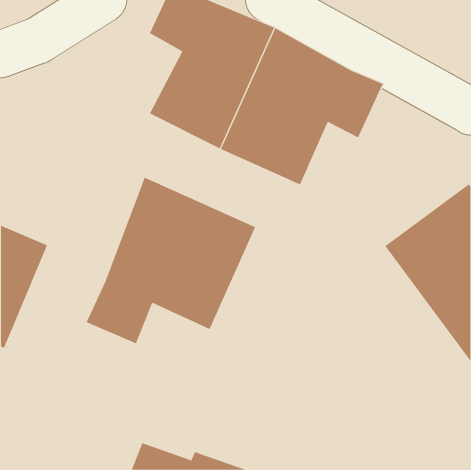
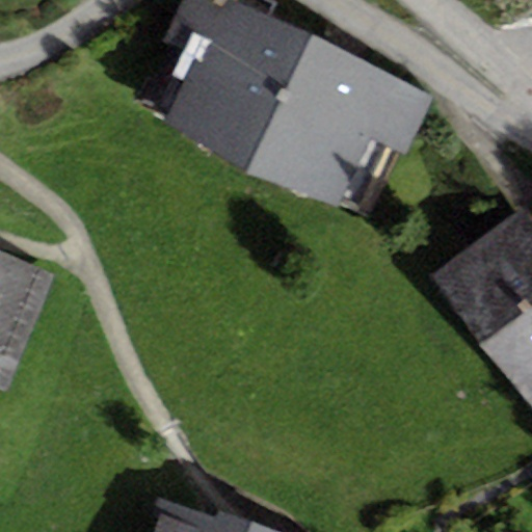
building: [86,177,256,344] -> none

